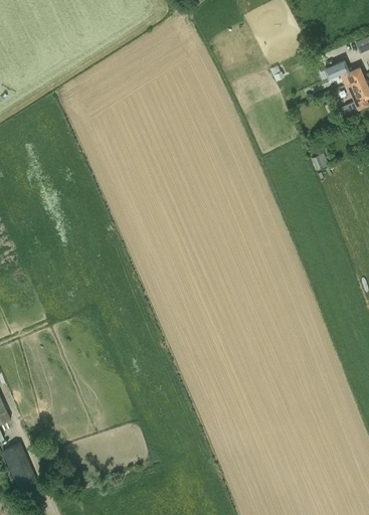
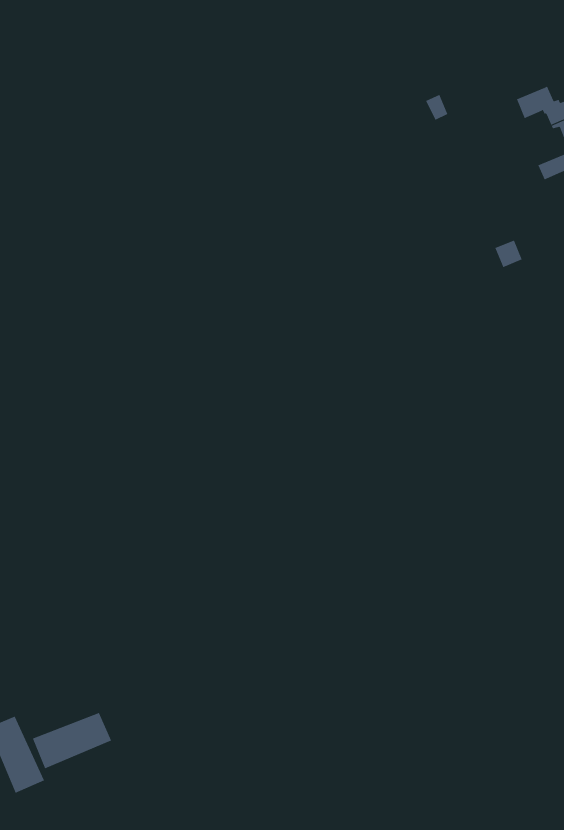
building: none -> [32,712,112,769]

